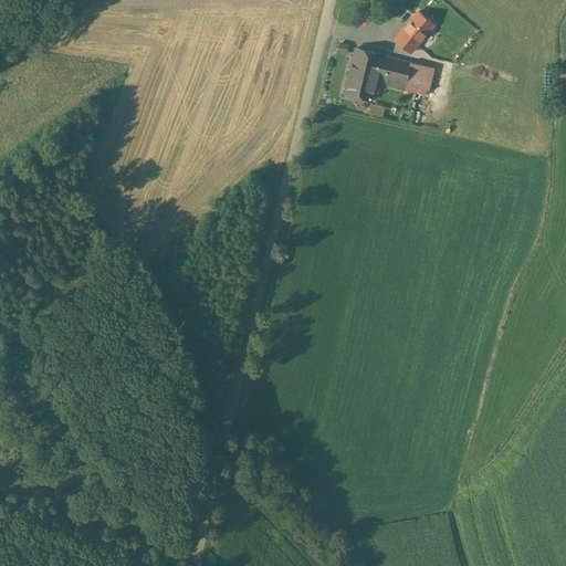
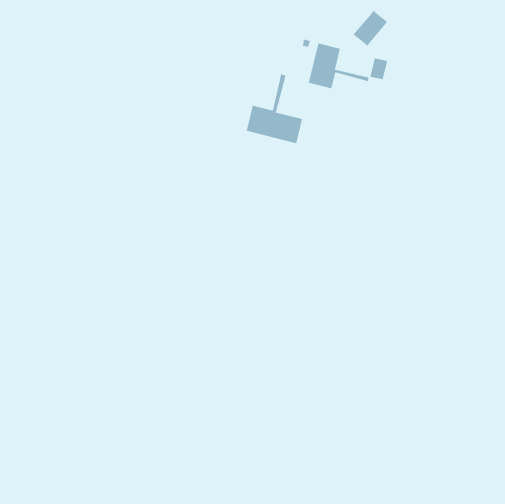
building: [375,57,418,88] -> none
building: none -> [246,73,303,144]

